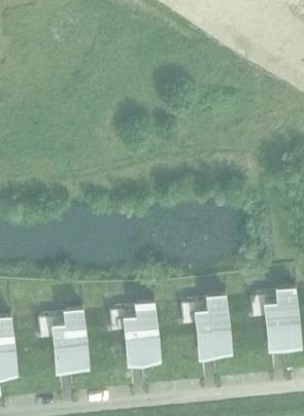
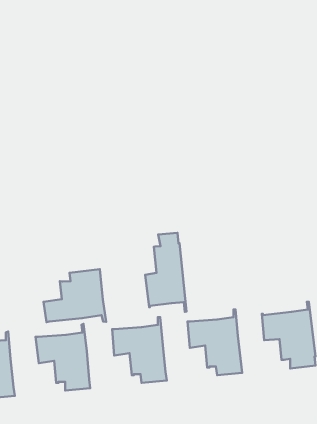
building: none -> [145,233,186,312]
building: none -> [44,269,106,322]

